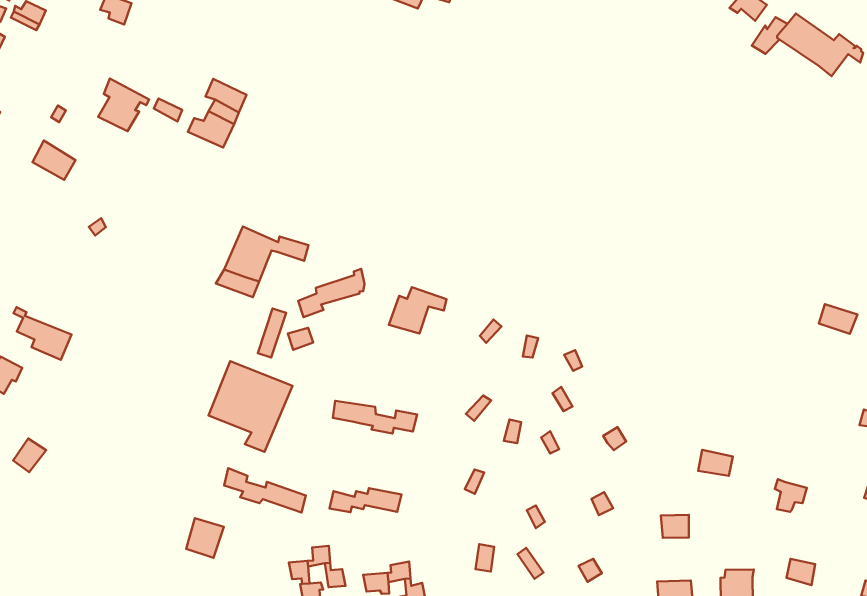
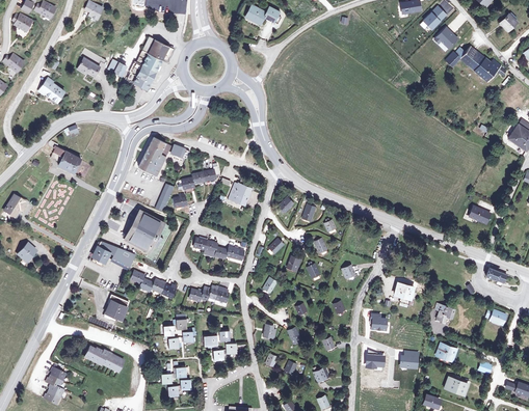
building: none -> [142,40,175,65]
building: [13,307,72,360] -> [50,142,81,173]
building: none -> [91,242,135,268]

